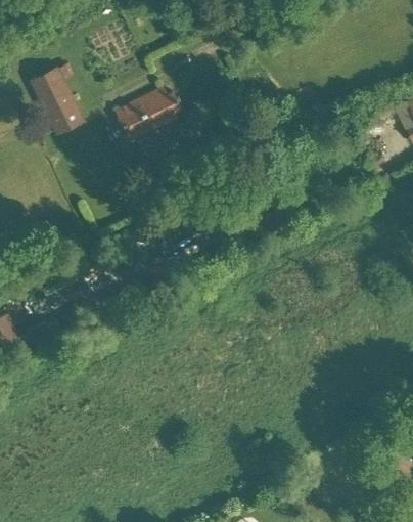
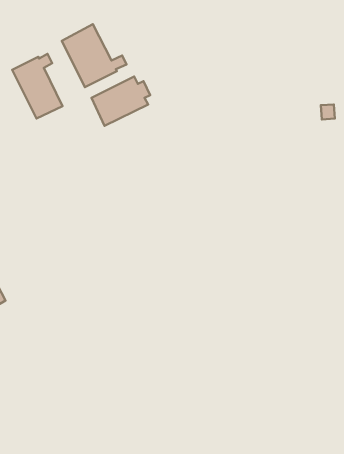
building: none -> [62,24,126,87]

